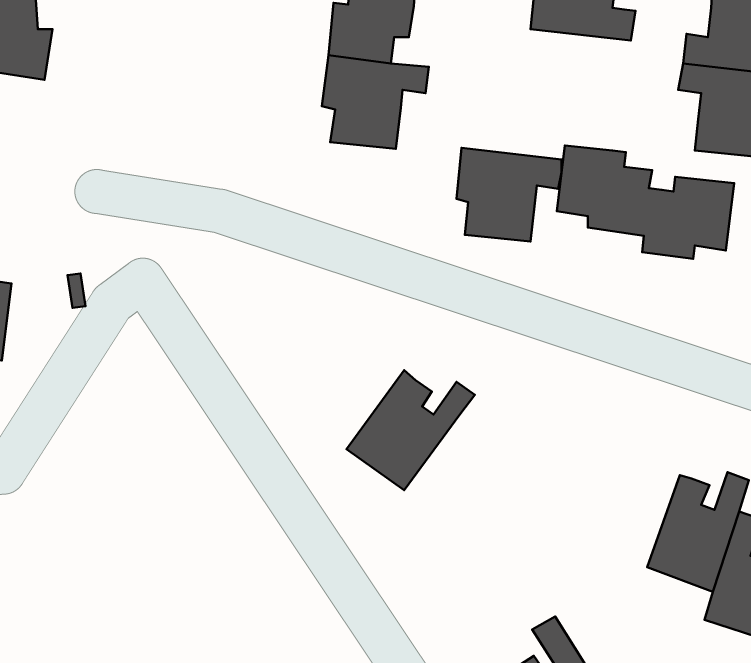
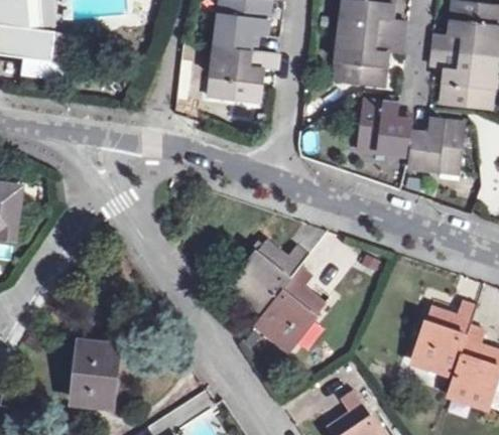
building: [457,148,562,241] -> [338,30,402,88]
building: none -> [256,267,326,347]
building: none -> [74,345,117,404]

